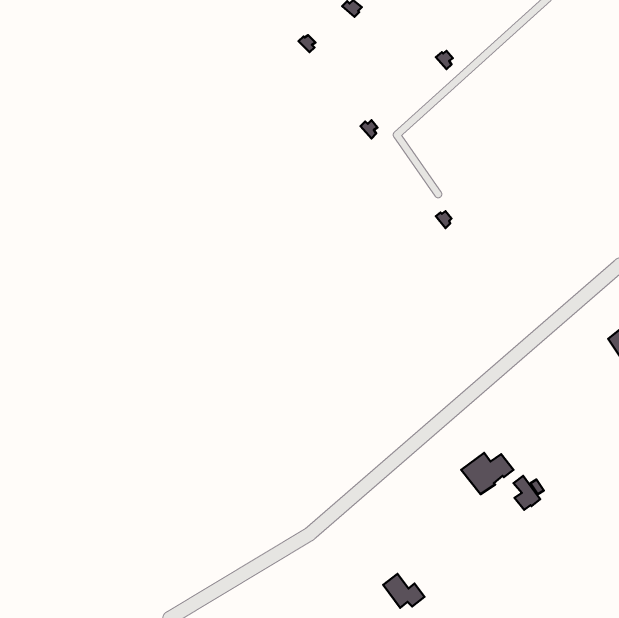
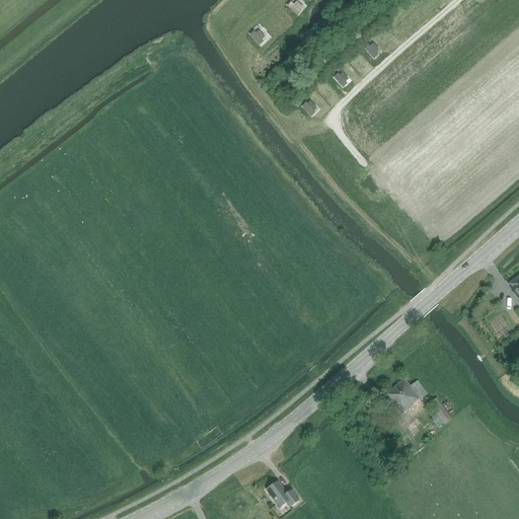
building: [383,574,424,608] -> [267,479,301,508]

